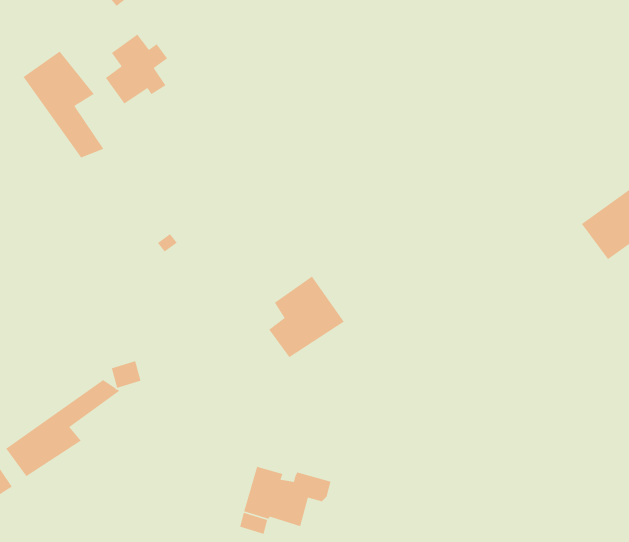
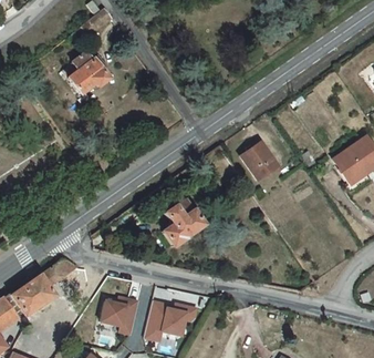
building: [22,51,105,158] -> none
building: none -> [243,146,280,184]
building: none -> [101,298,139,334]

